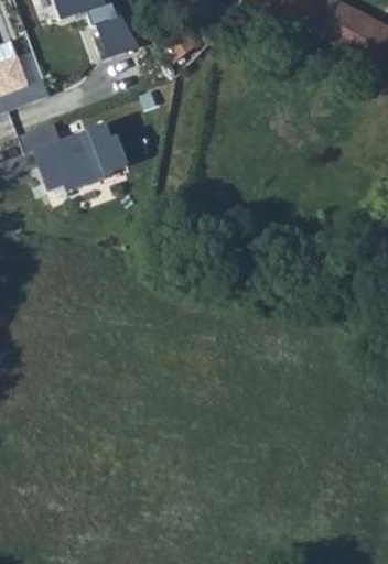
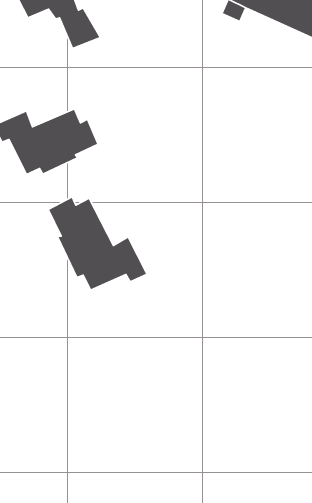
building: none -> [48,197,147,290]

